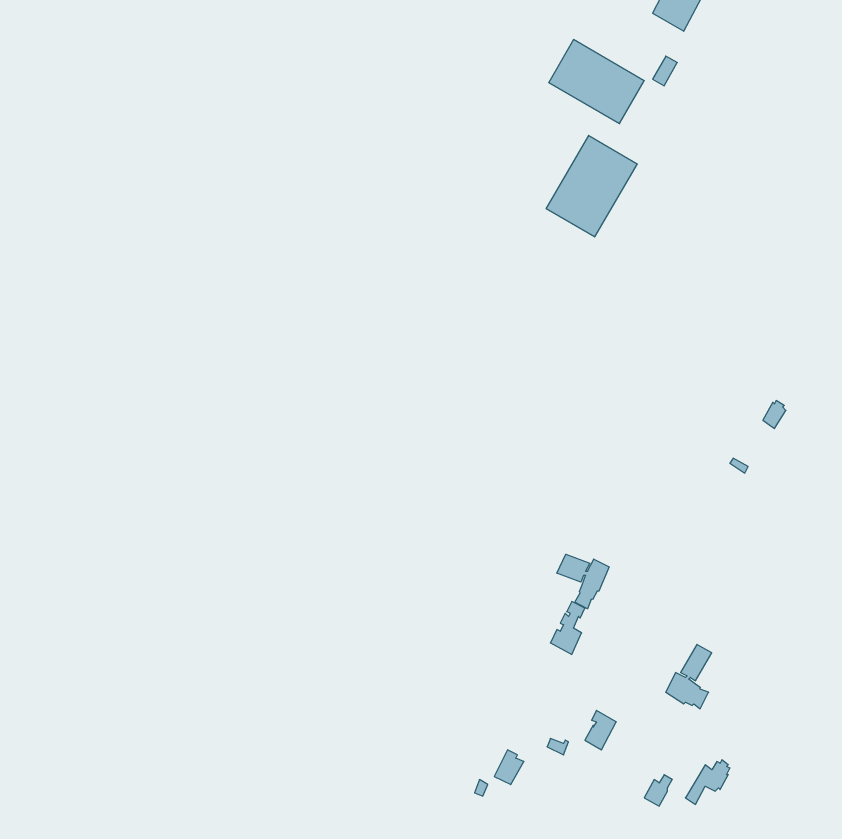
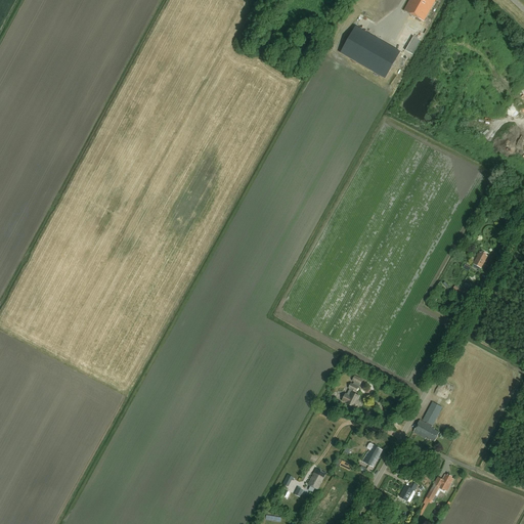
building: [546,135,637,237] -> none
building: [557,554,609,609] -> none

